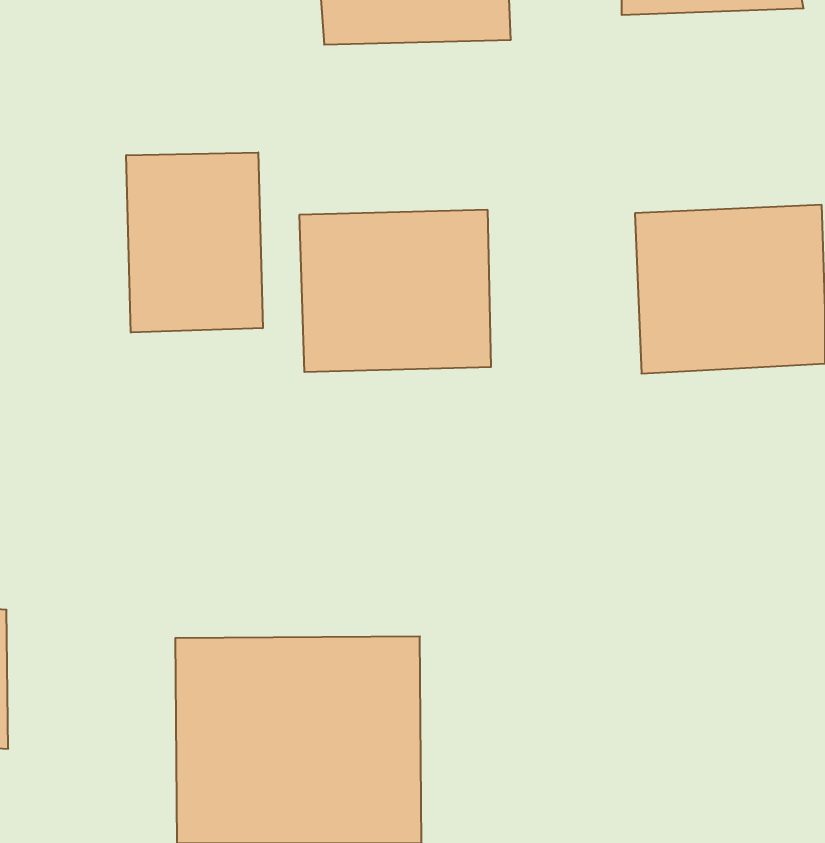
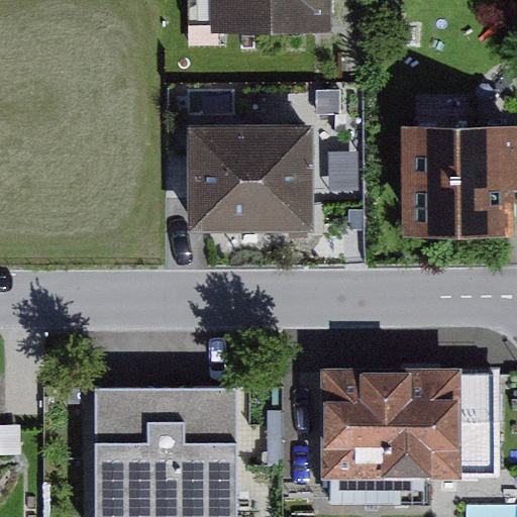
building: [126,152,263,333] -> none
building: none -> [336,372,478,498]

